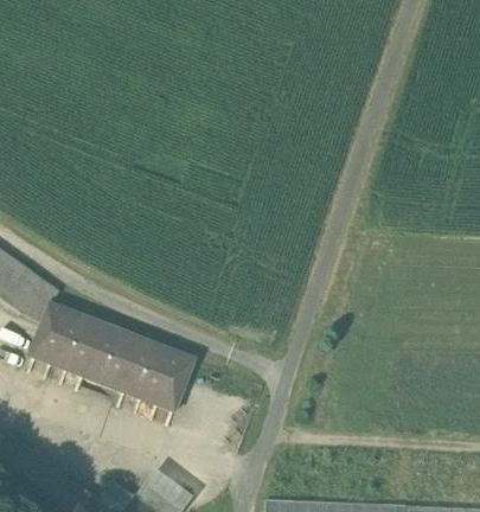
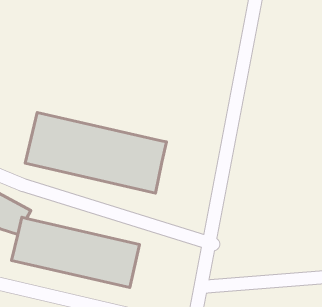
building: none -> [25,113,167,193]

